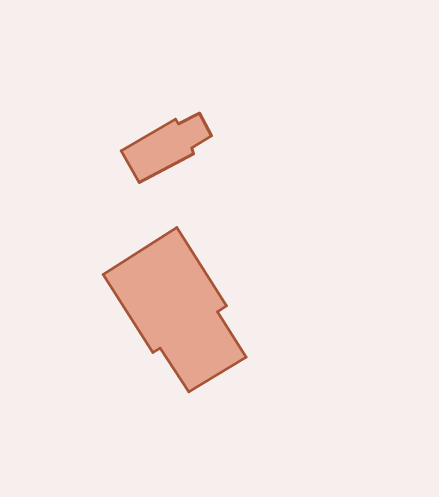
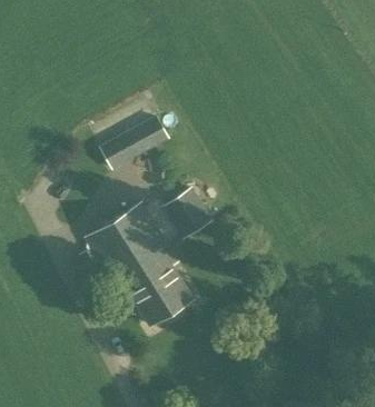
building: none -> [166,187,214,237]

